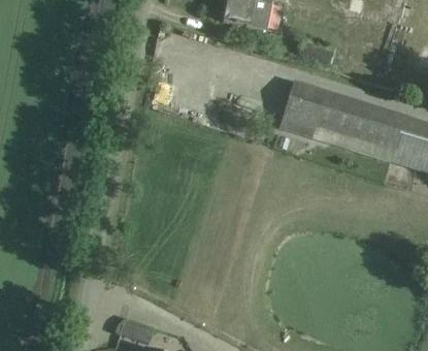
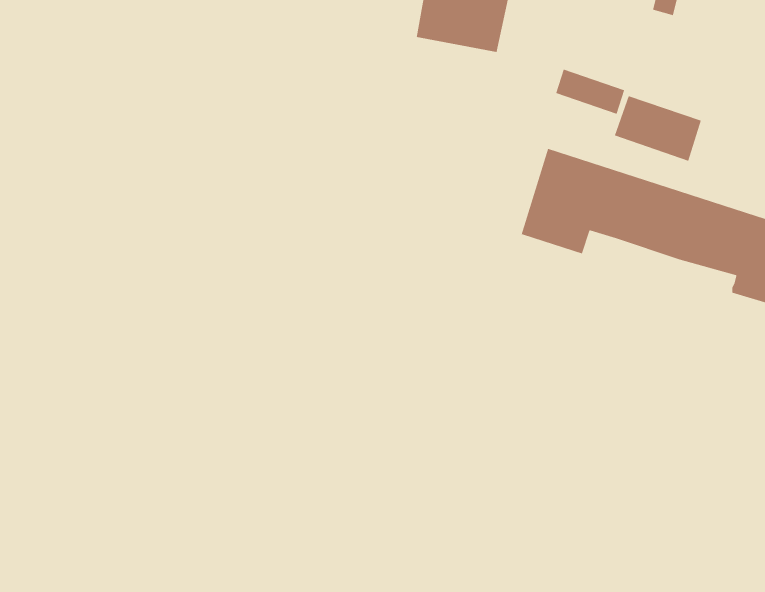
building: none -> [614,95,702,162]

